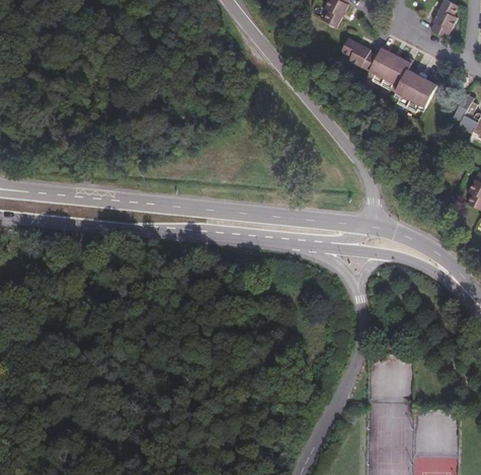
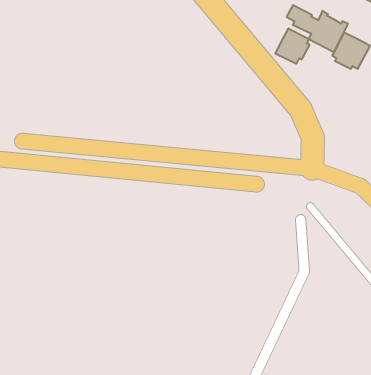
building: none -> [275,28,309,64]

